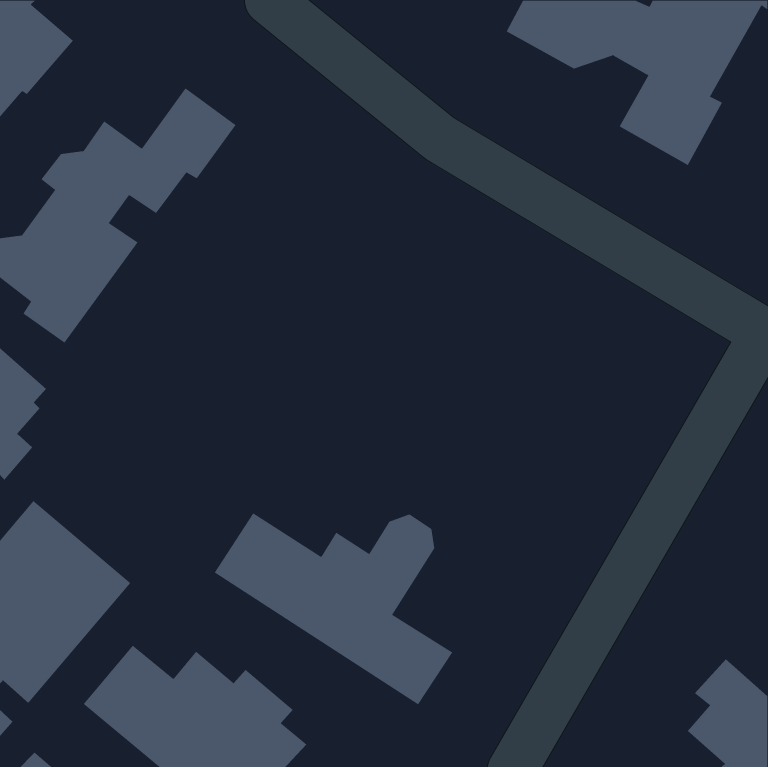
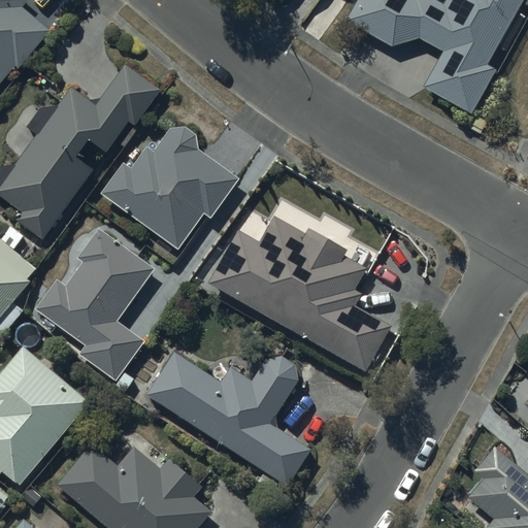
building: none -> [100,124,239,248]
building: none -> [208,214,392,370]
building: none -> [34,228,154,378]

